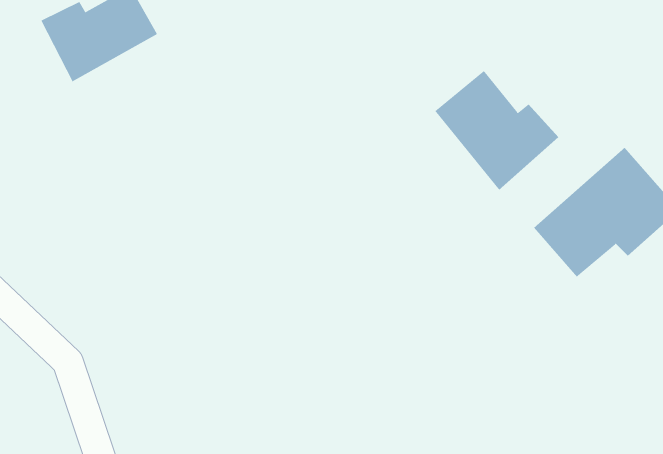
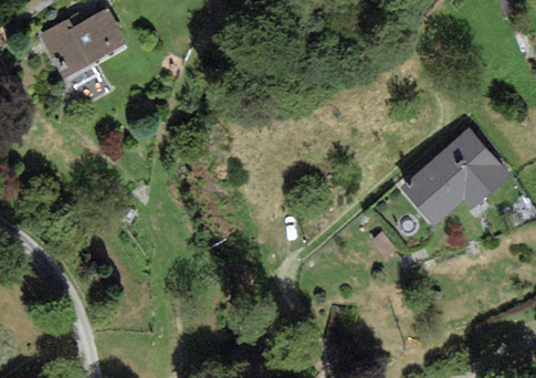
building: [435,70,559,190] -> none

